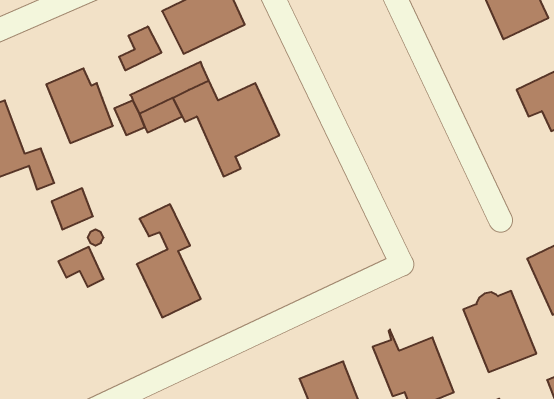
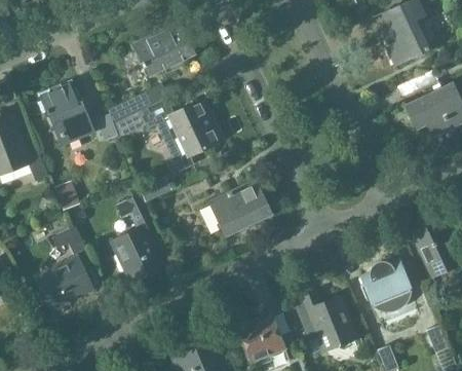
building: [119,26,161,70] -> none
building: none -> [210,181,271,235]
building: none -> [38,258,91,307]

